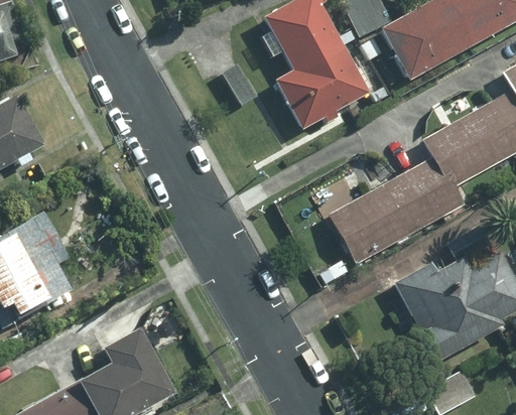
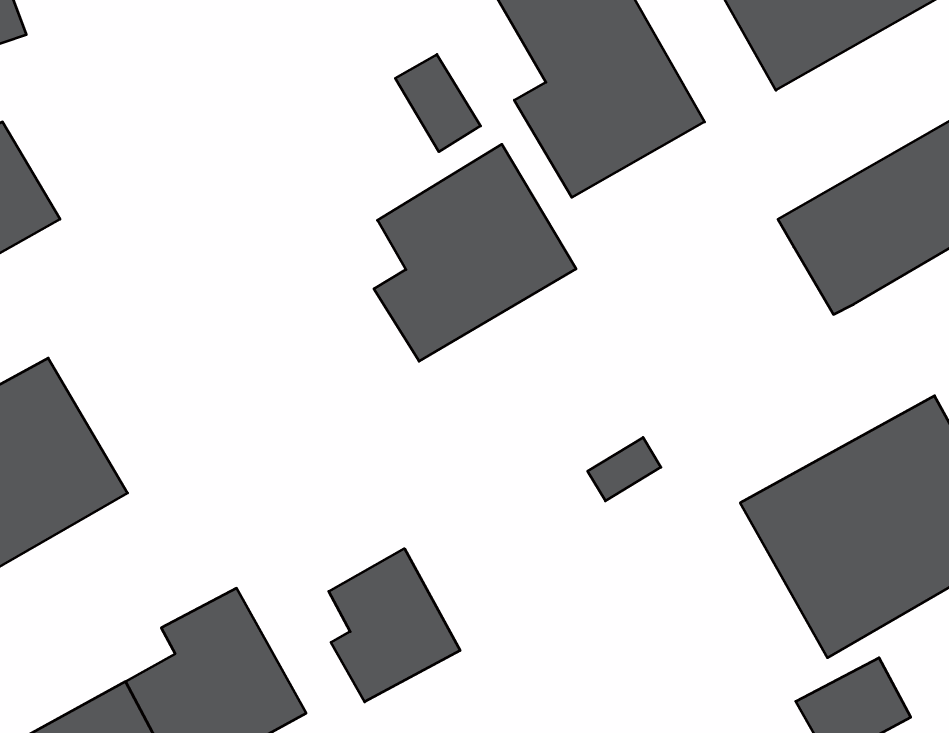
building: none -> [374,144,576,361]
building: [325,158,460,262] -> none
building: none -> [329,549,460,702]

